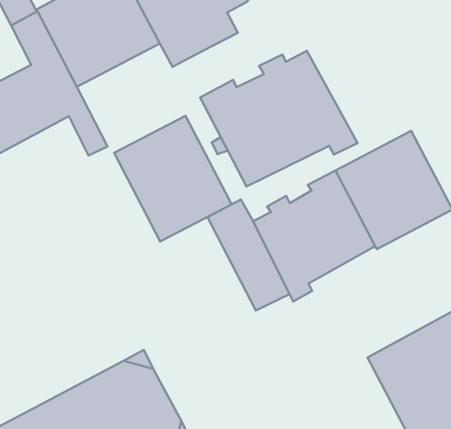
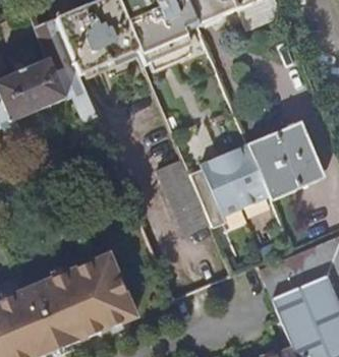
building: [200,51,357,186] -> none
building: [114,116,231,242] -> none

